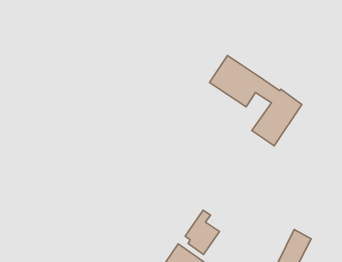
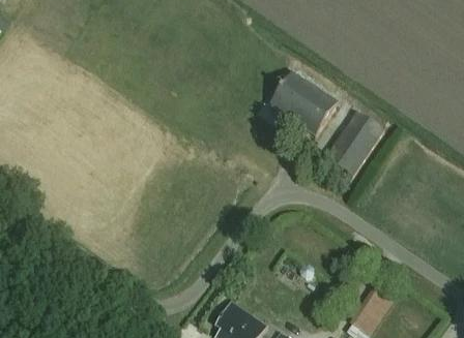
building: [185,210,220,255] -> none

